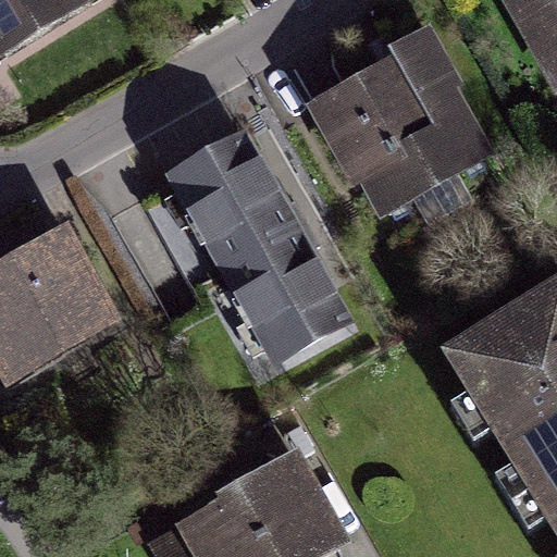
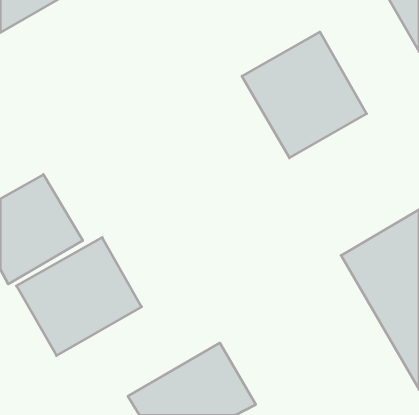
building: [140,132,346,358] -> none
building: none -> [16,237,142,356]

